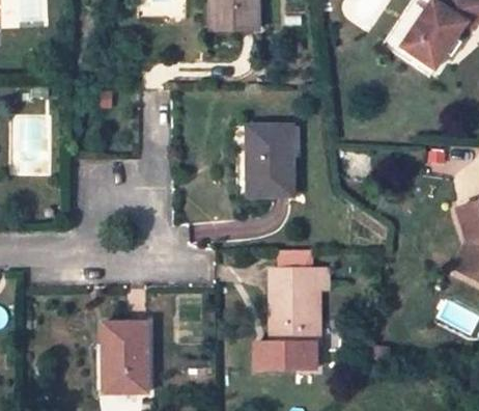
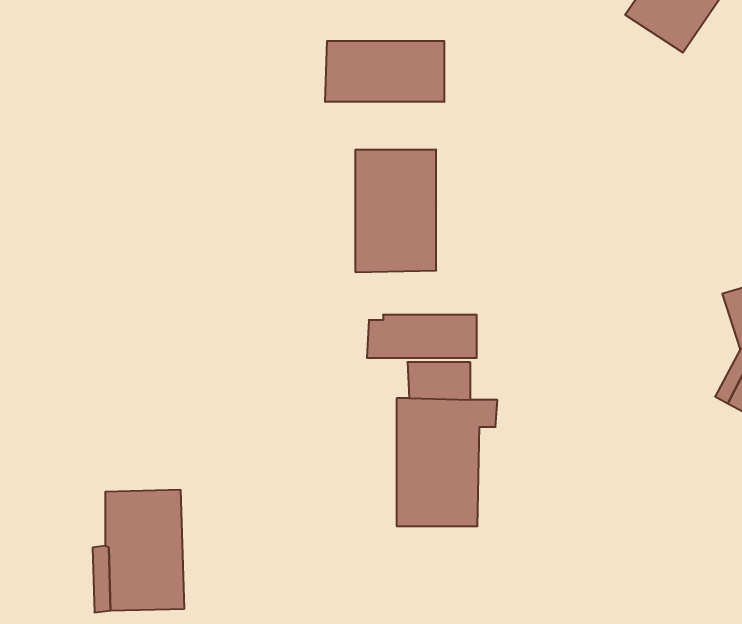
building: none -> [325,41,444,102]
building: [254,342,317,367] -> [367,315,477,358]

